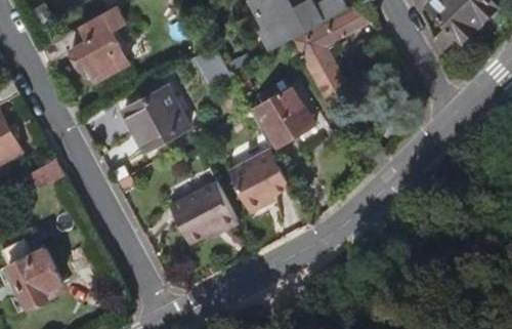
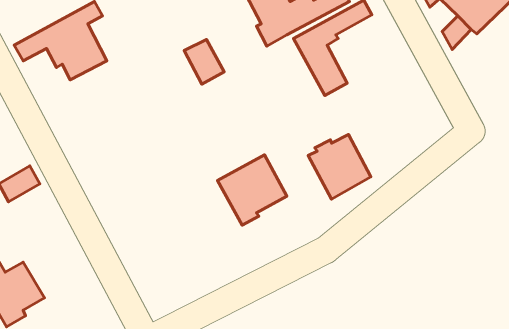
building: [123,86,191,152] -> none
building: [253,89,310,149] -> [308,134,371,199]
building: [172,182,238,244] -> none

